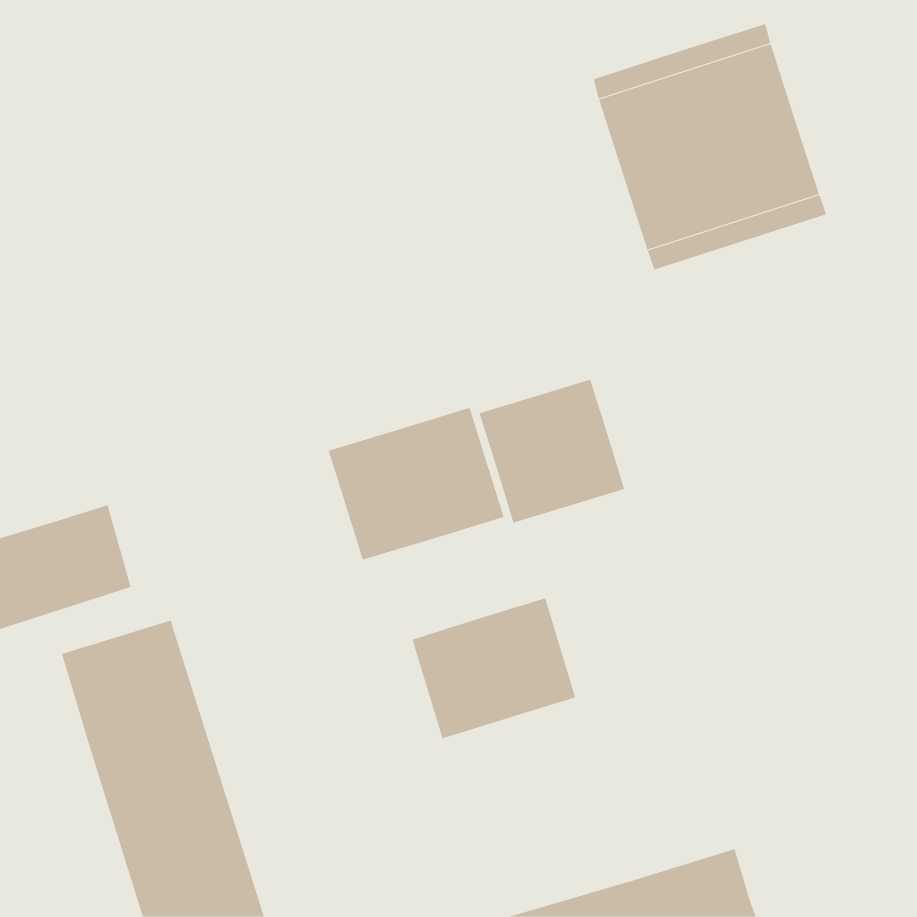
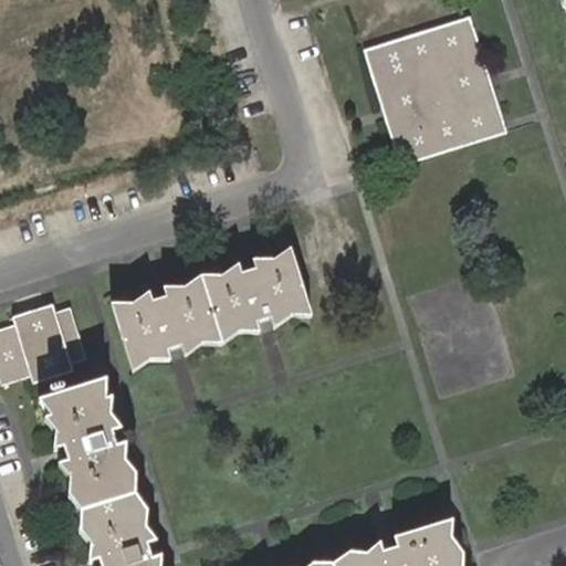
building: [479,379,625,523] -> none
building: none -> [109,276,222,371]
building: [412,598,576,739] -> none

